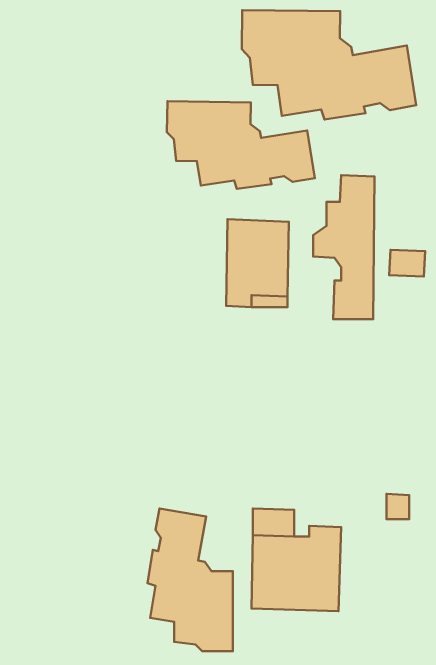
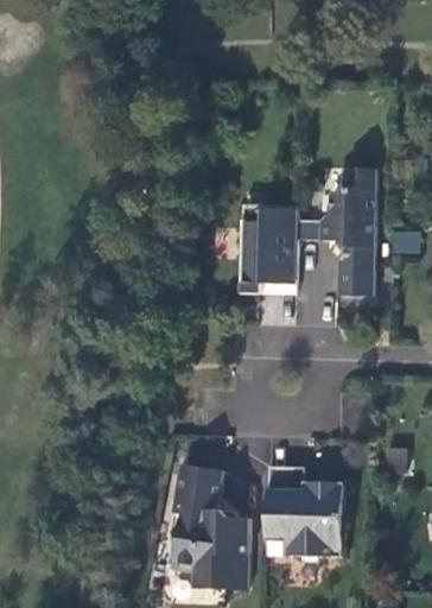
building: [242,10,416,120] -> none
building: [167,101,315,189] -> none

